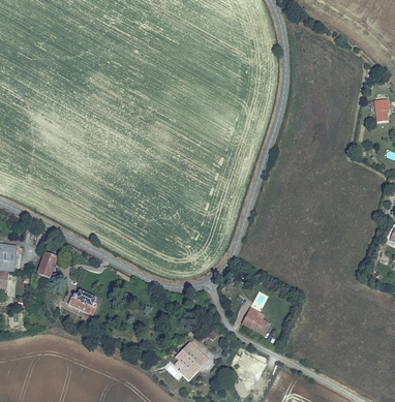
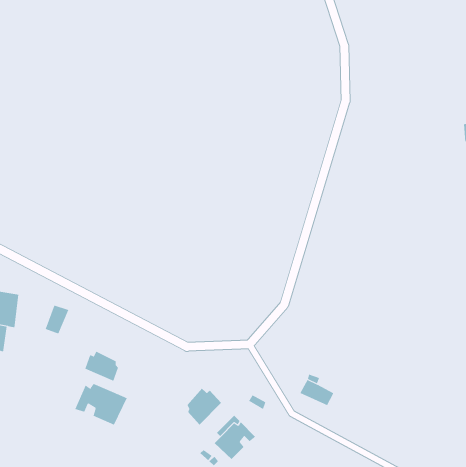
building: none -> [75,383,127,425]
building: none -> [187,388,222,425]

